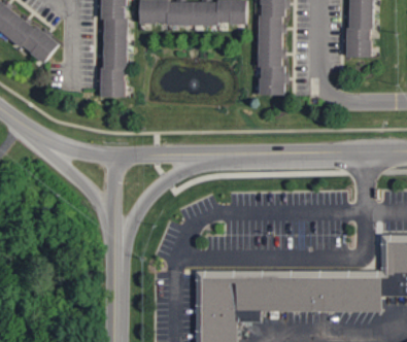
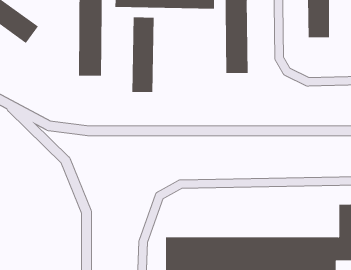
building: none -> [132,16,154,93]

